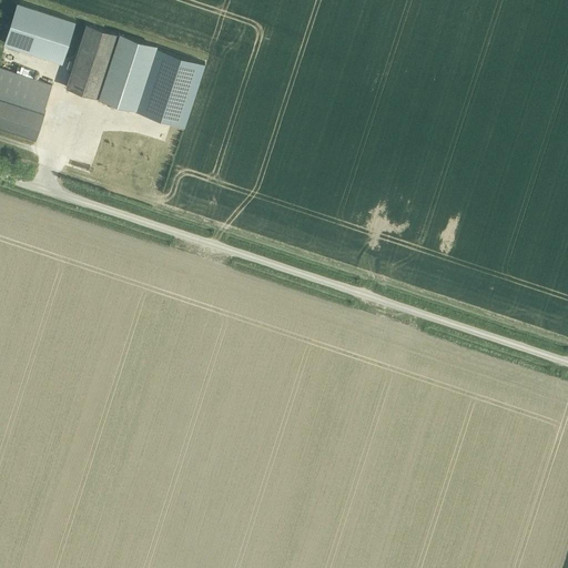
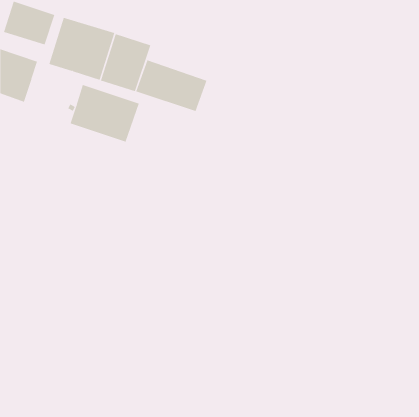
building: none -> [136,59,207,112]
building: none -> [70,84,139,142]

